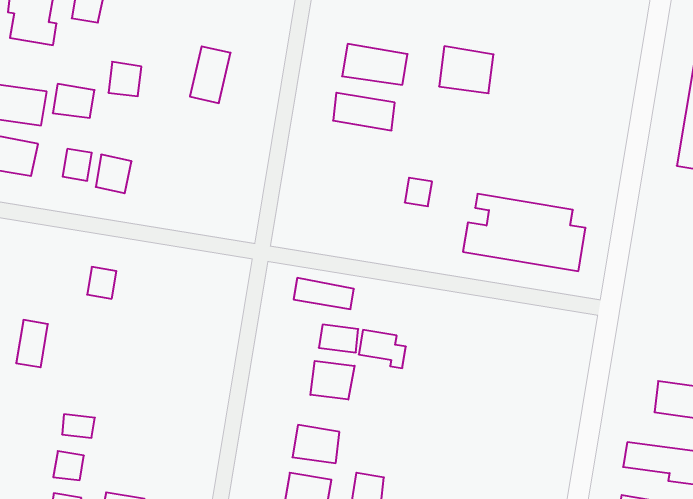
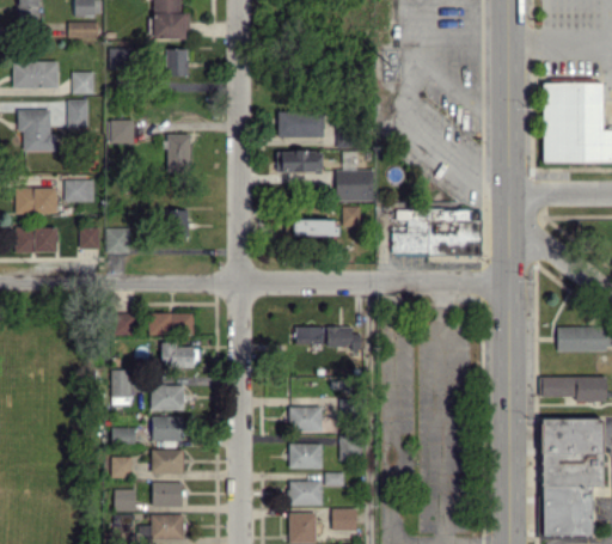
building: [439,46,494,93] -> [336,170,375,201]
building: [108,62,141,96] -> [110,120,134,143]
building: none -> [166,209,189,237]
building: none -> [148,312,194,334]
building: [294,278,354,309] -> [293,219,337,236]
building: none -> [161,344,197,367]
building: [16,320,48,367] -> [111,371,130,404]
building: [310,361,355,400] -> none
building: none -> [151,385,184,410]
building: none -> [152,416,182,441]
building: none -> [151,450,184,473]

